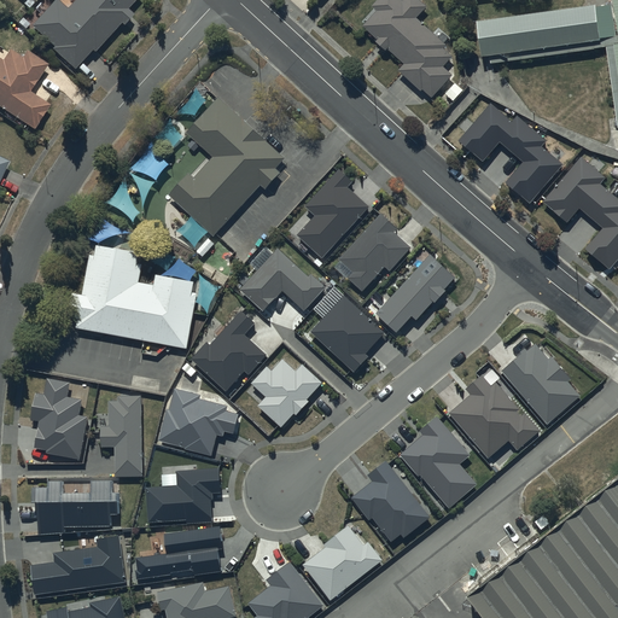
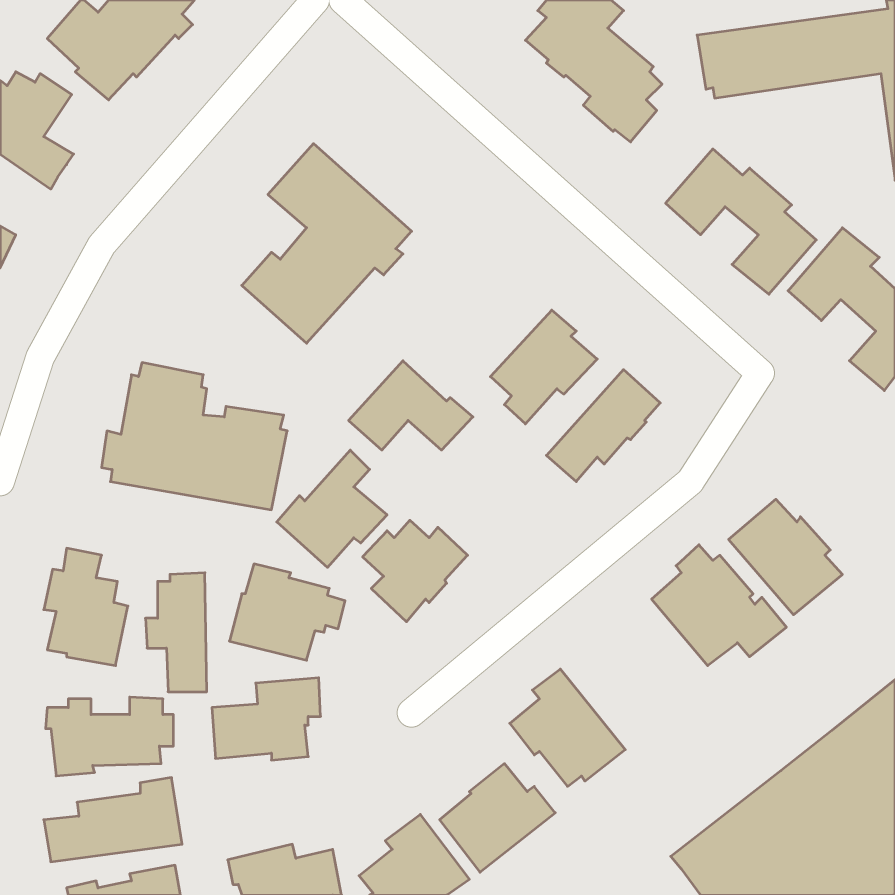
building: [296,169,368,258] -> none
building: [309,295,385,373] -> none
building: [400,416,477,509] -> none
building: [135,525,223,579] -> none

